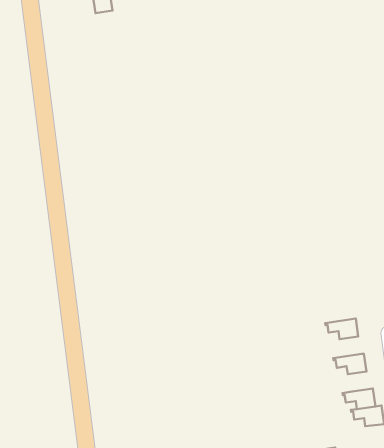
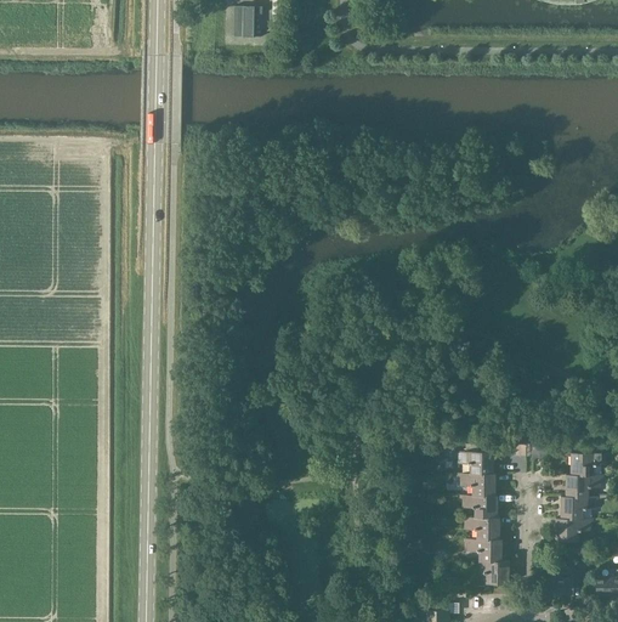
building: none -> [458,474,497,496]
building: none -> [463,518,500,539]

